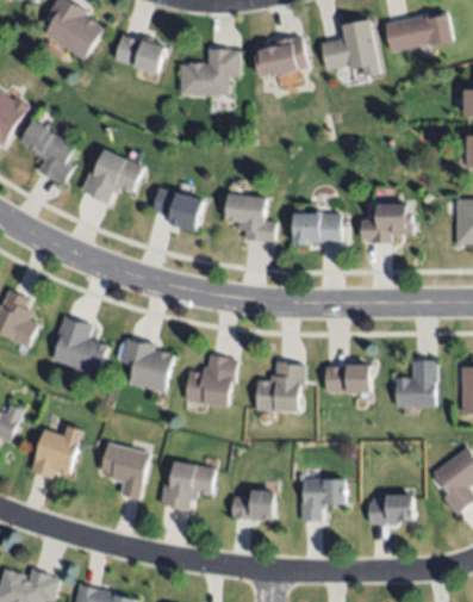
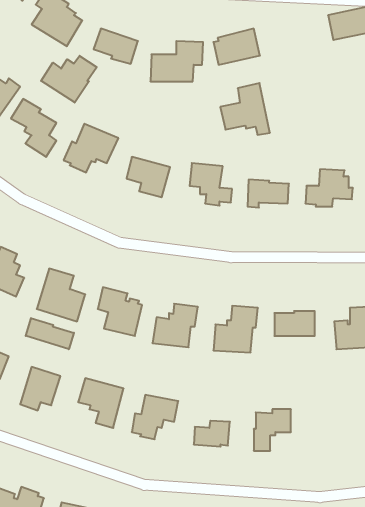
building: [322,15,379,75] -> [220,83,270,135]
building: none -> [41,56,97,103]
building: none -> [26,318,74,349]
building: [366,494,415,526] -> none

